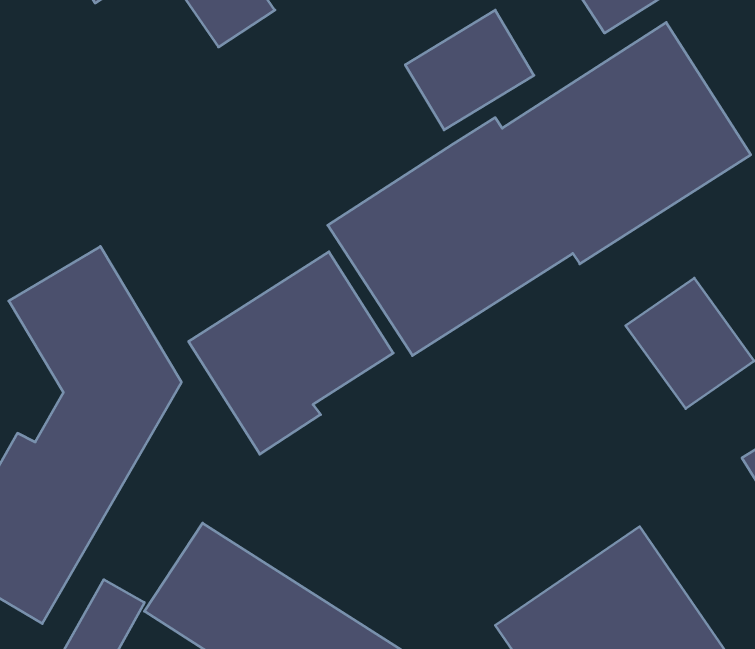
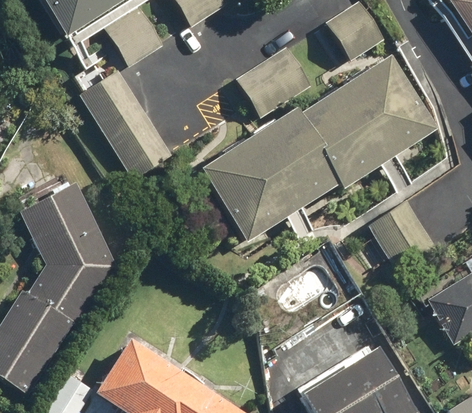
building: none -> [80,68,175,179]
building: [189,252,393,454] -> none

